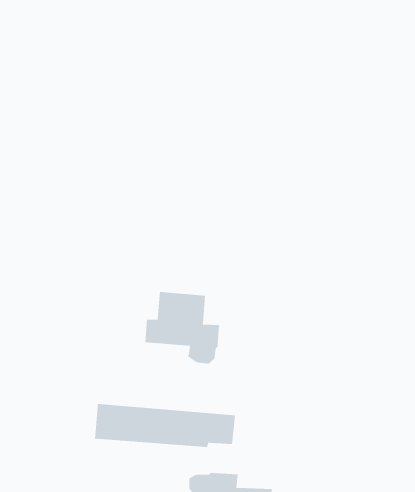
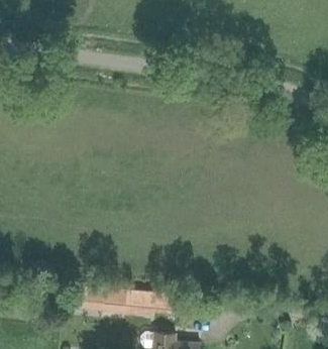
building: [145,291,220,364] -> none

